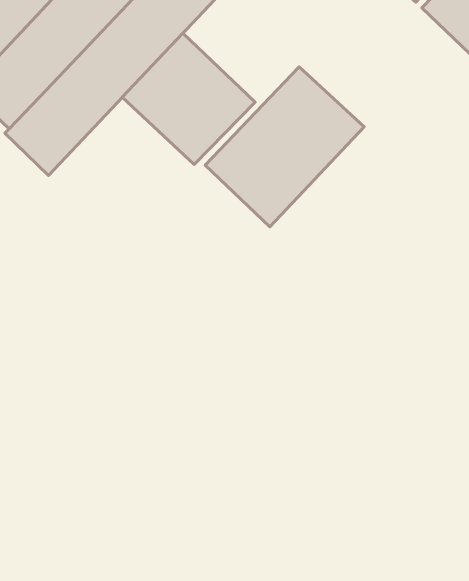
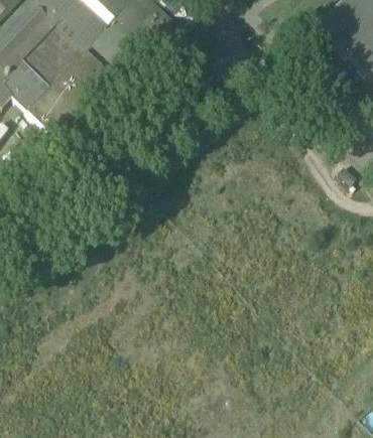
building: [122,33,255,165] -> none
building: [205,67,364,227] -> none

